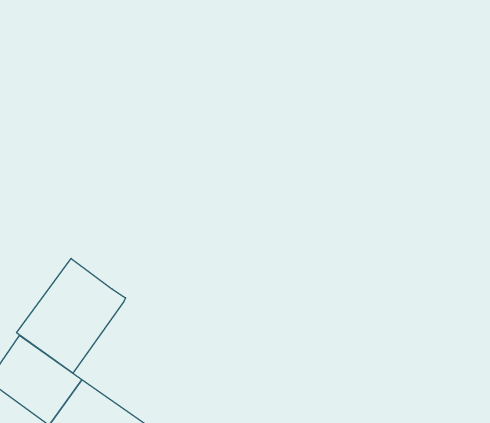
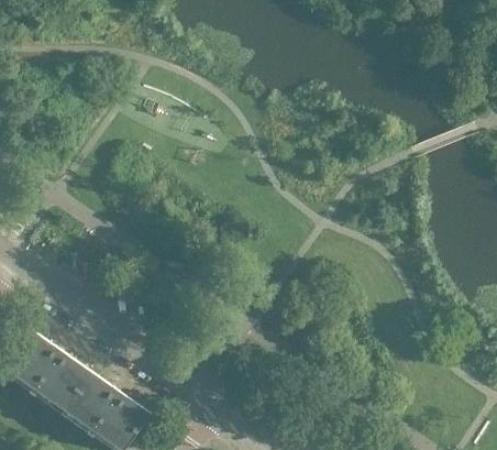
building: [17,258,126,373] -> none

